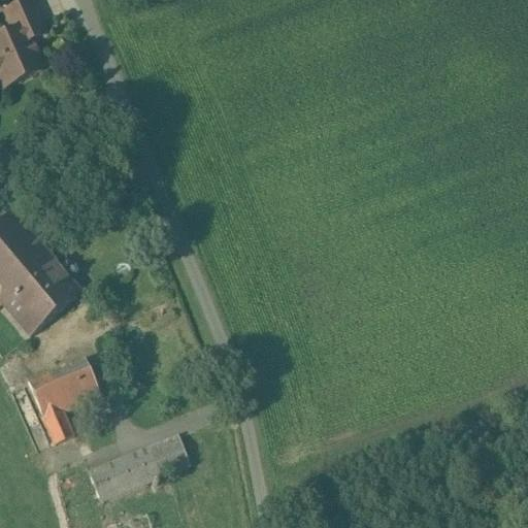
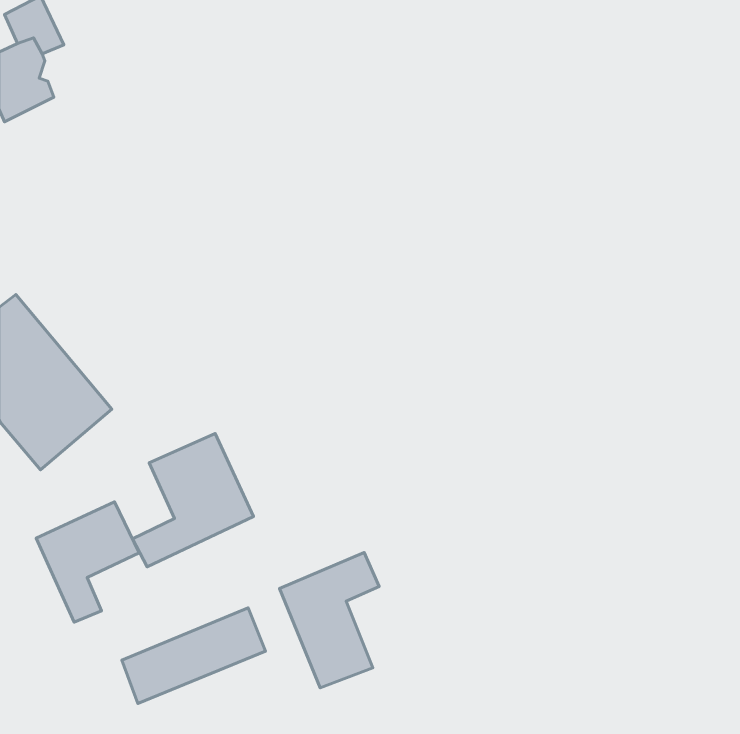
building: none -> [133,434,254,567]
building: none -> [280,553,379,688]

